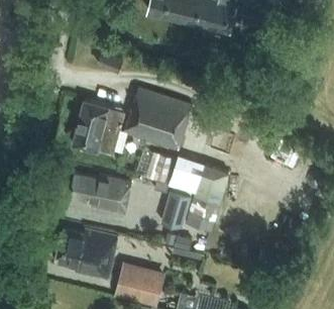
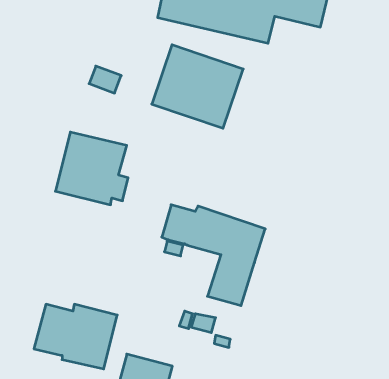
building: [124,87,193,149] -> [152,45,243,128]
building: [70,174,132,213] -> none
building: [160,190,191,227] -> none

